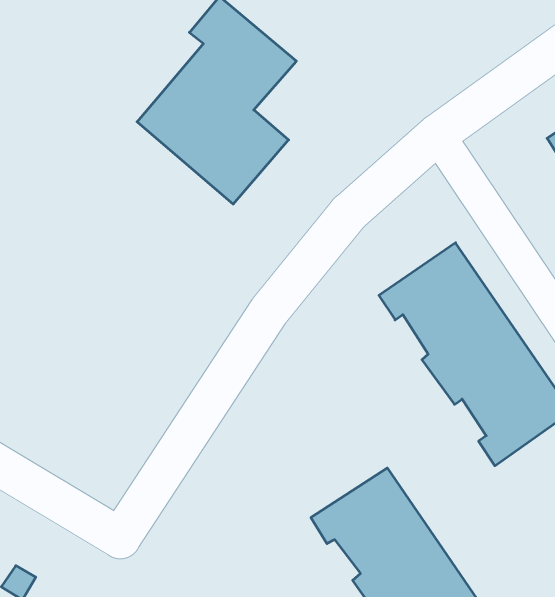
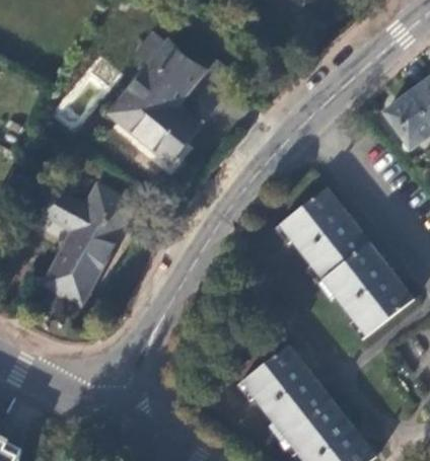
building: none -> [40,182,136,308]

